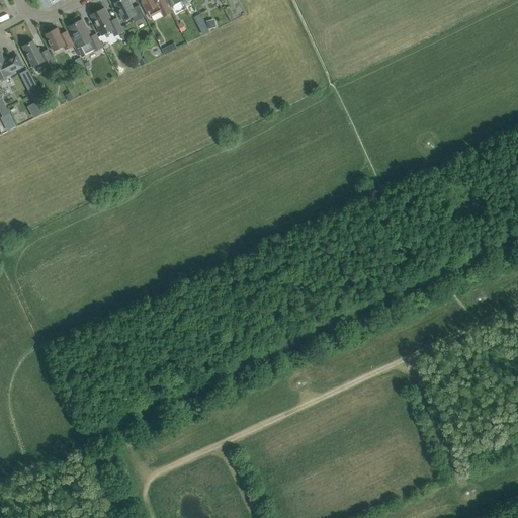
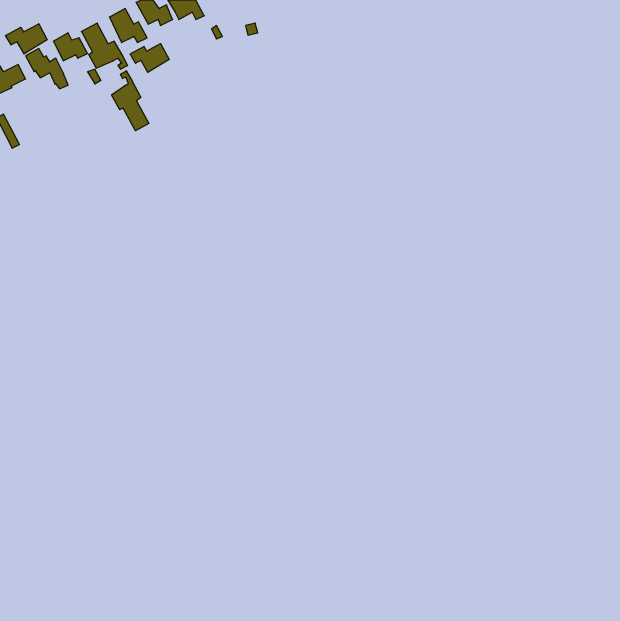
building: none -> [6,24,47,54]
building: none -> [130,44,169,72]
building: none -> [112,71,149,131]

